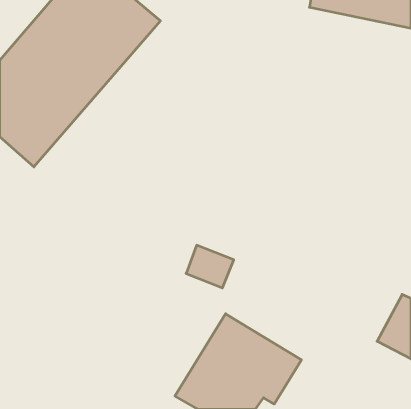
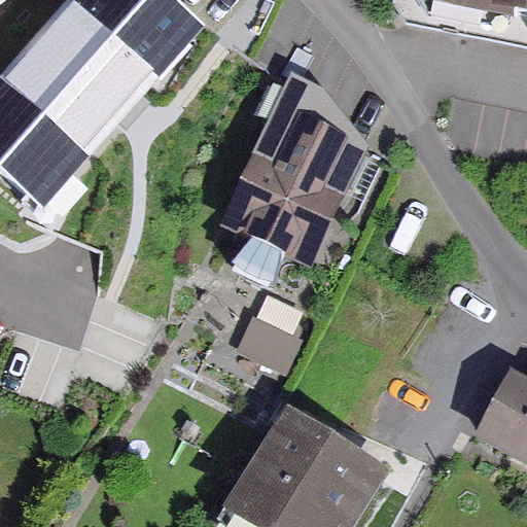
building: none -> [218,74,347,265]

